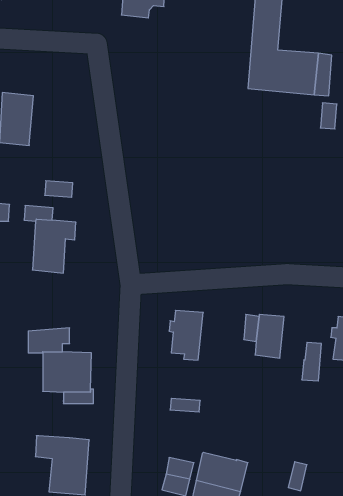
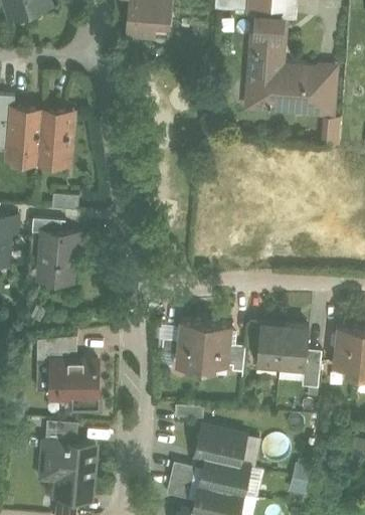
building: none -> [37,113,71,162]
building: none -> [201,323,235,370]
building: none -> [281,327,309,369]
building: none -> [46,421,77,445]
building: none -> [195,426,245,467]

